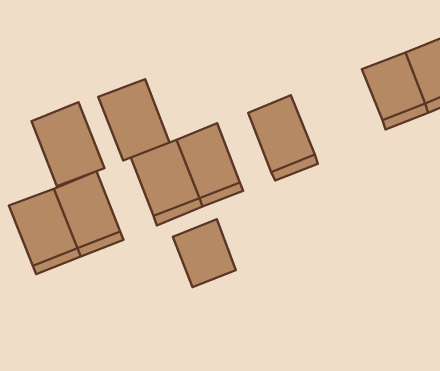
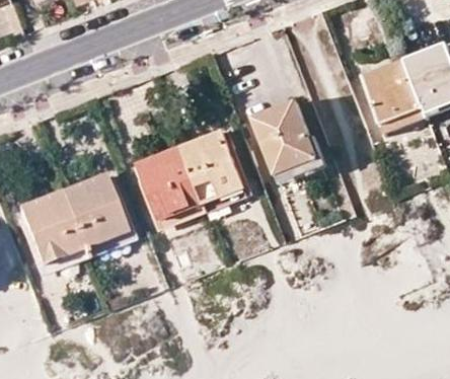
building: [98,79,170,161] -> none
building: [32,102,105,186] -> none
building: [173,219,236,287] -> none

